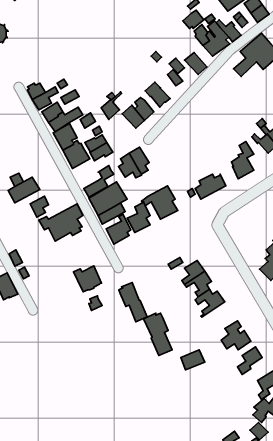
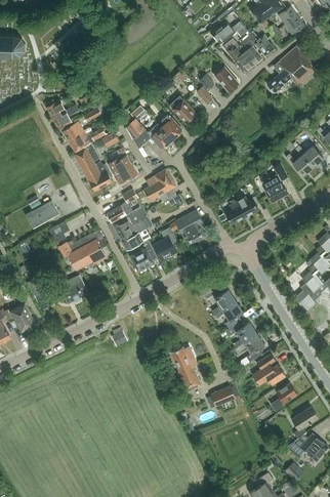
building: [74,266,101,292] -> [58,275,88,302]
building: [119,283,147,322] -> none
building: none -> [233,334,264,362]

